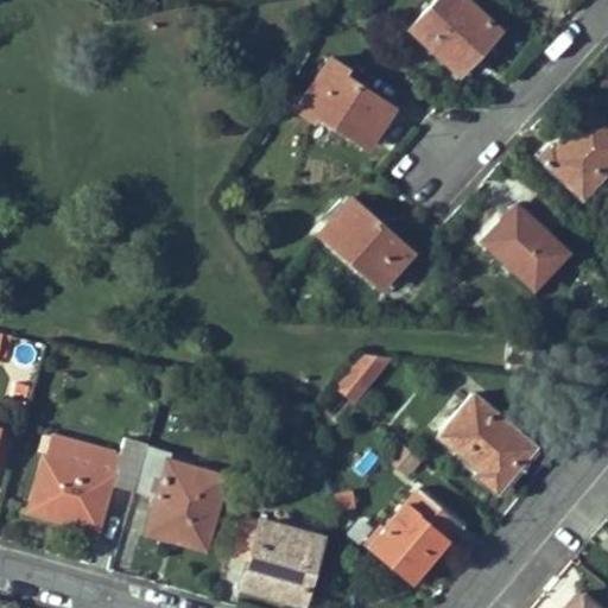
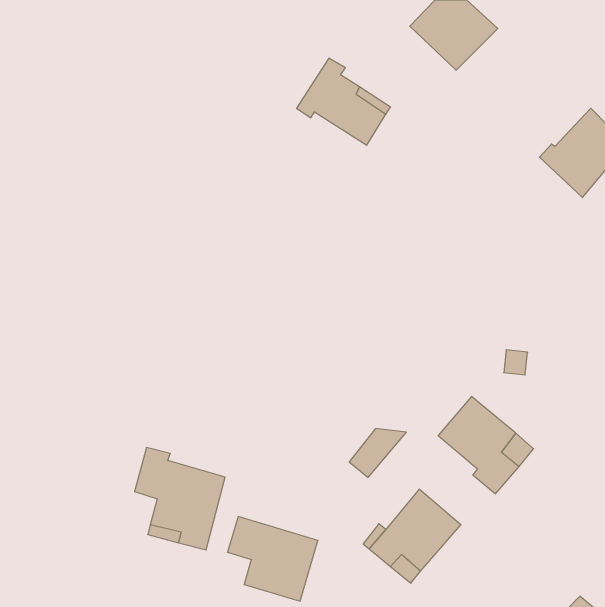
building: [322,200,413,287] -> none
building: [484,207,565,284] -> none
building: [337,354,394,403] -> [349,429,406,477]
building: [32,442,150,530] -> none

